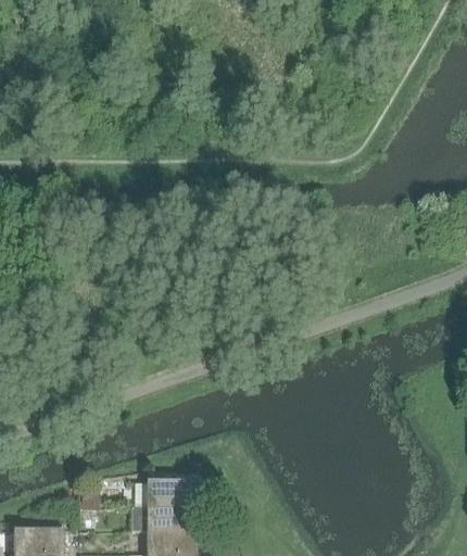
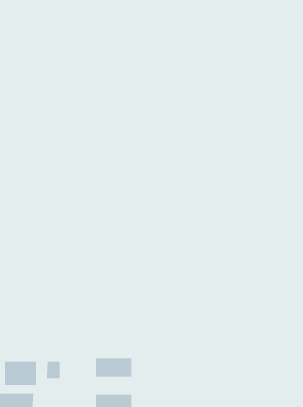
building: none -> [4,361,37,386]
building: [144,513,194,535] -> none

